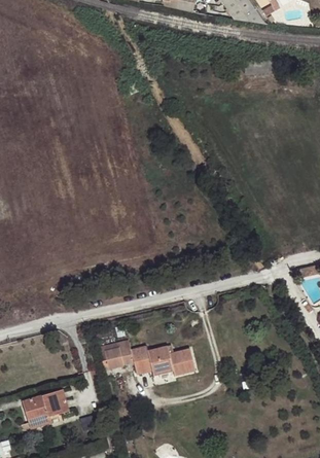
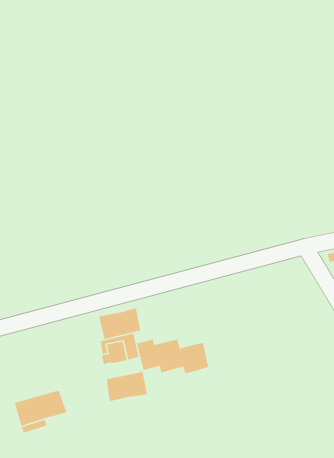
building: none -> [98,307,141,340]
building: none -> [106,371,148,402]

